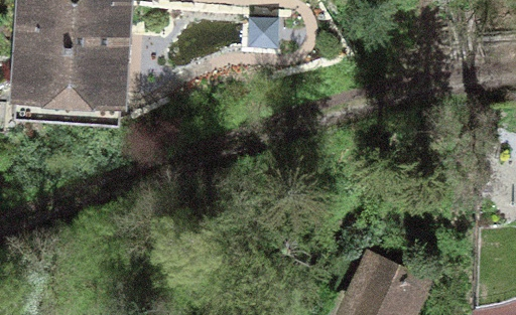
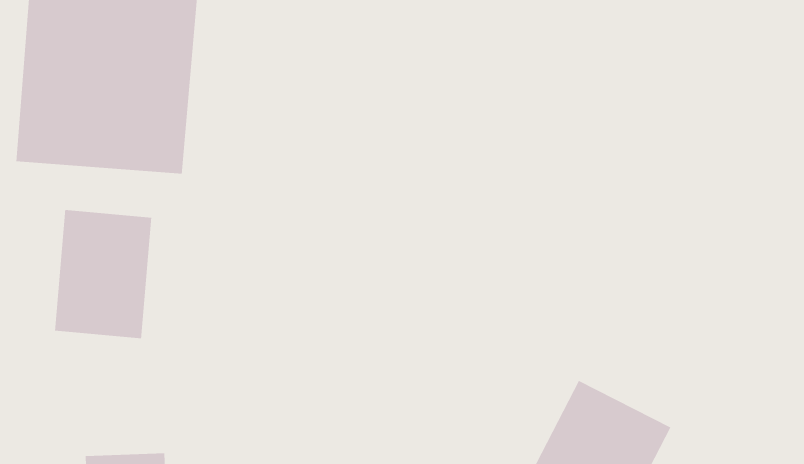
building: none -> [54,209,152,339]

